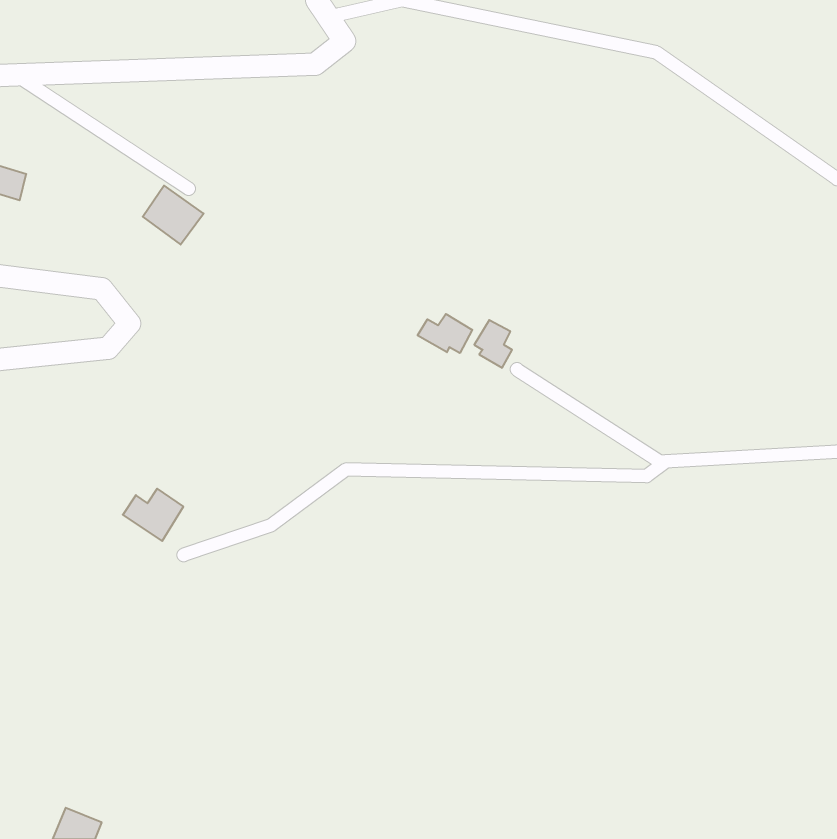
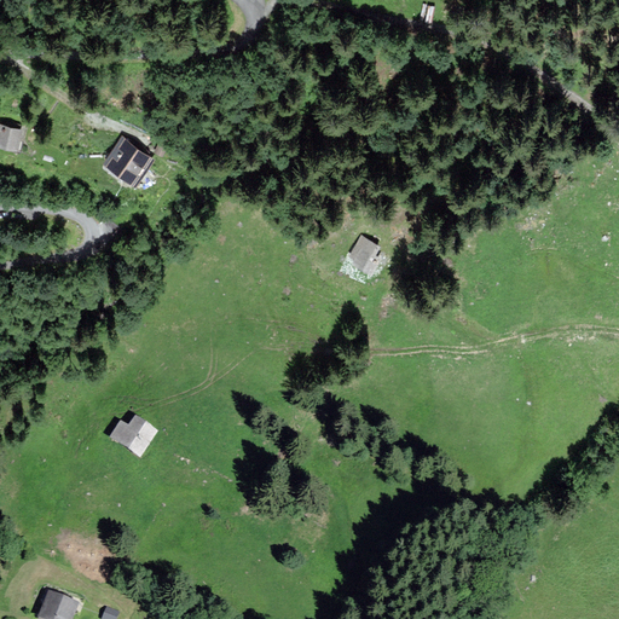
building: [418,314,472,353] -> none
building: [123,489,183,541] -> [110,420,155,458]

